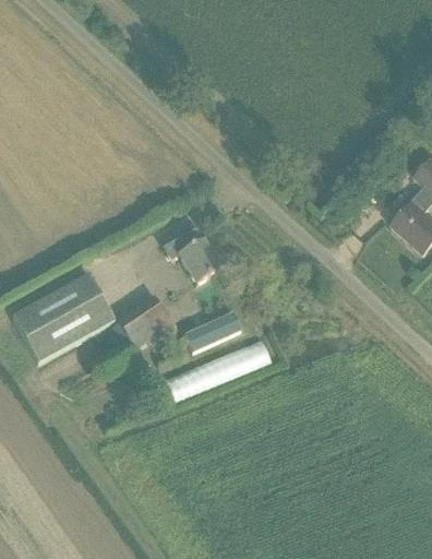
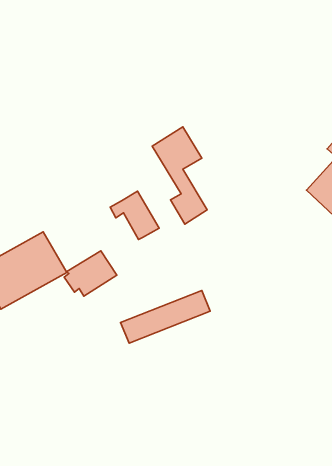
building: none -> [152,127,207,224]
building: [184,311,241,350] -> none

